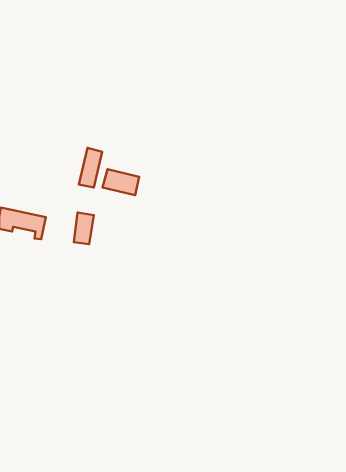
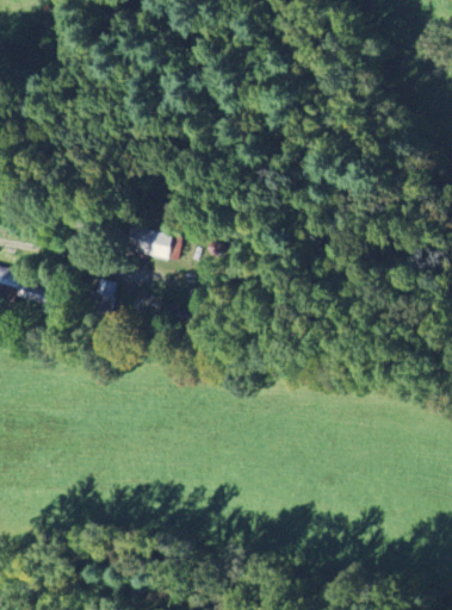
building: [79,148,102,187] -> none

